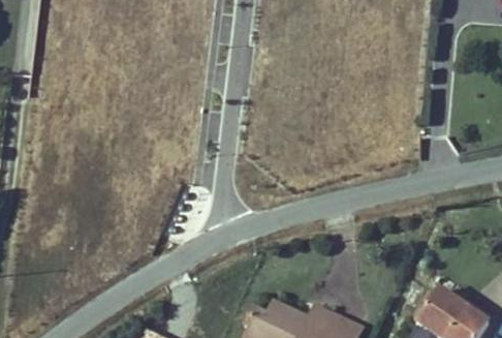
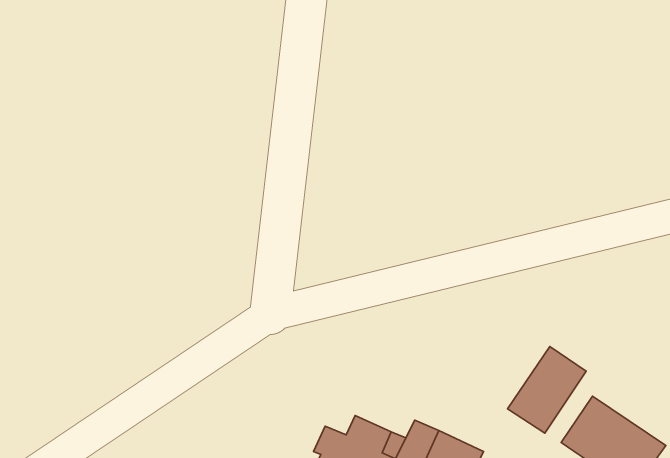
building: none -> [507,347,586,433]

